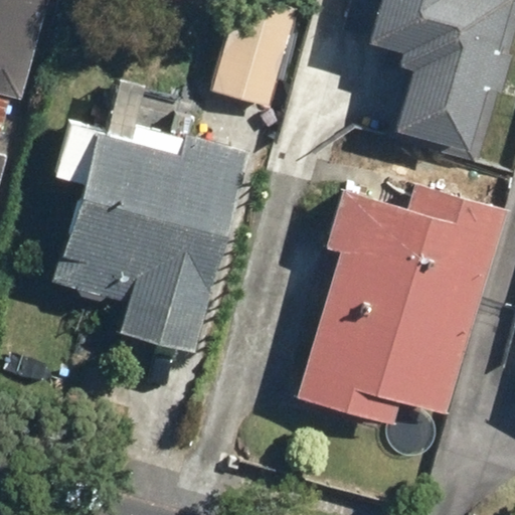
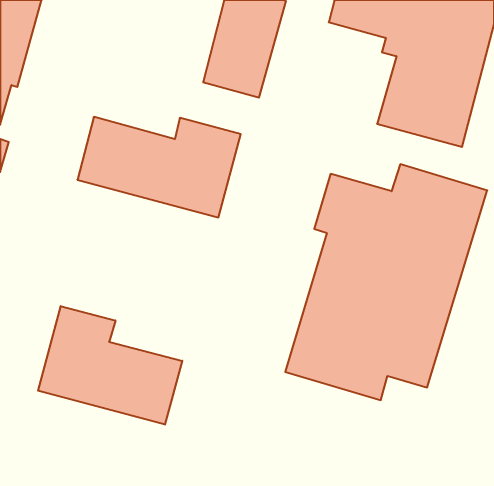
building: [55,195,227,354] -> none
building: none -> [38,306,182,425]

